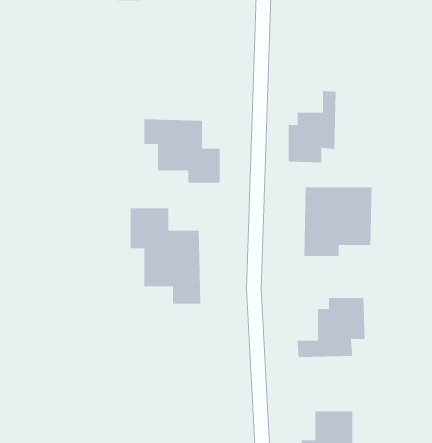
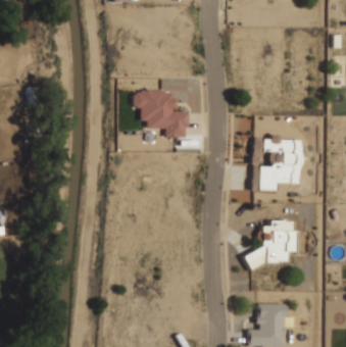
building: [288,90,336,163] -> none
building: [130,207,201,304] -> none

